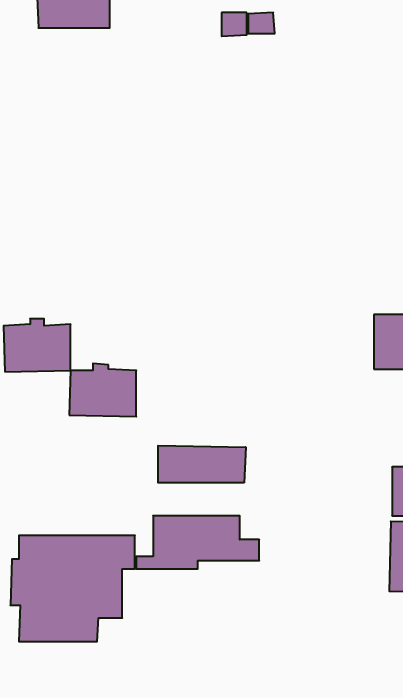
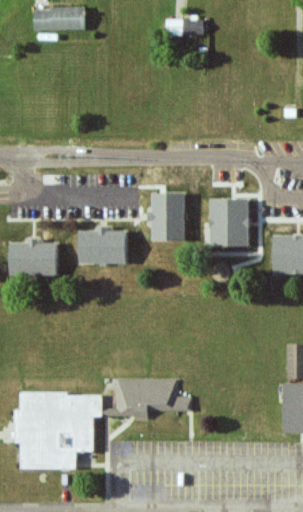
building: none -> [147,193,184,241]
building: none -> [209,199,248,247]
building: [69,363,136,417] -> [78,226,126,264]
building: [158,446,246,483] -> none

